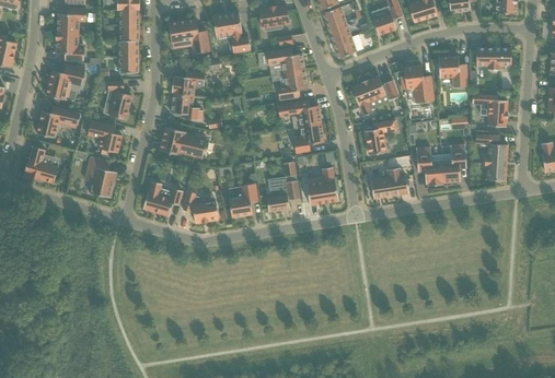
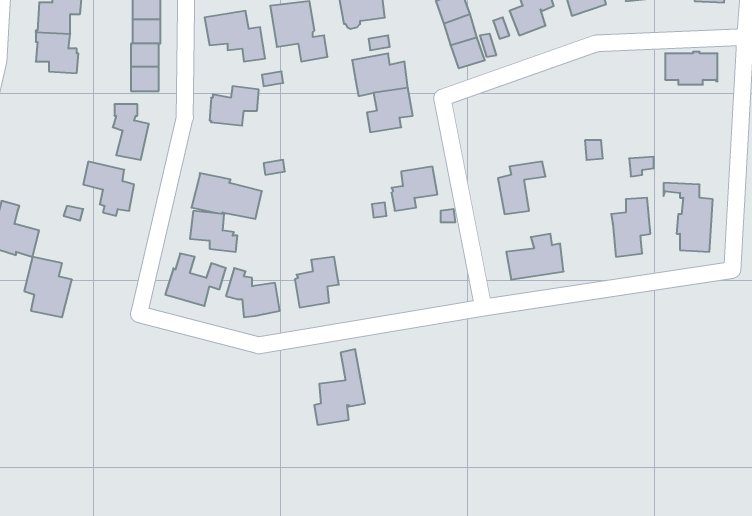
building: [438,56,467,87] -> none
building: [46,64,85,101] -> none
building: [401,66,433,103] -> none
building: [351,76,398,116] -> none
building: [171,94,203,121] -> [190,211,237,252]
building: [472,94,508,127] -> none
building: [277,101,321,129] -> none
building: [37,107,80,138] -> none
building: [415,147,443,186] -> none
building: [85,157,117,198] -> [24,257,72,317]
building: [266,162,300,212] -> [314,349,365,425]
building: [307,167,338,205] -> none

